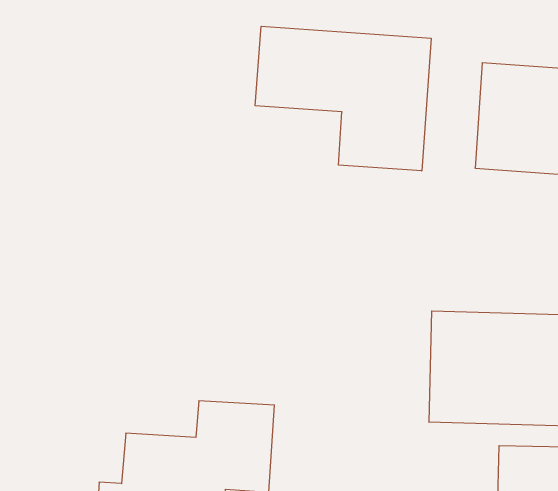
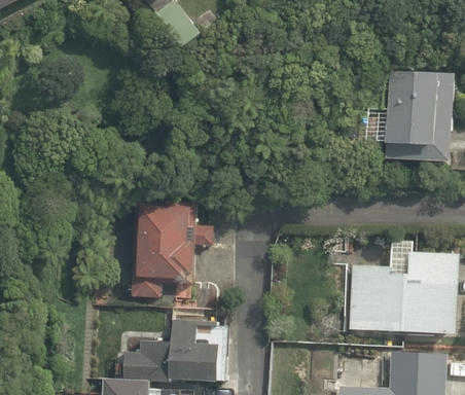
building: [255,26,431,171] -> none
building: none -> [131,205,213,300]

